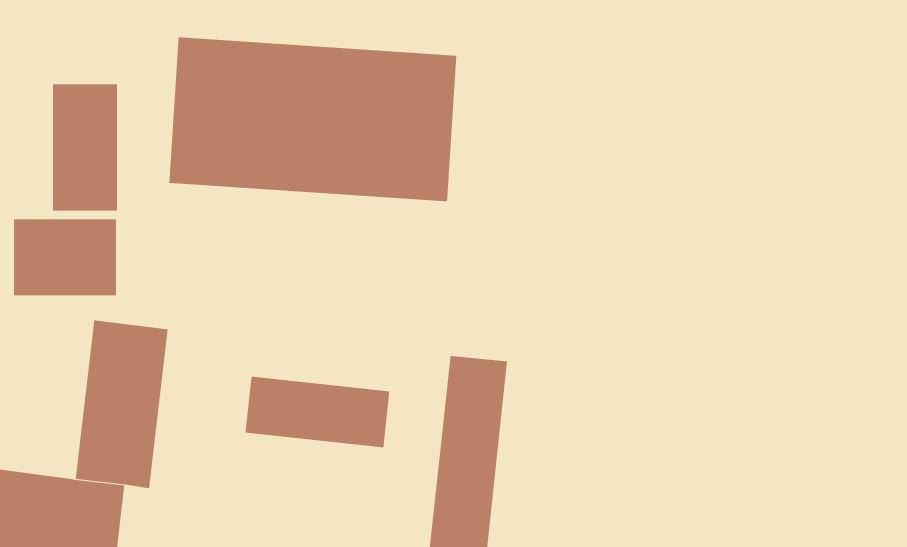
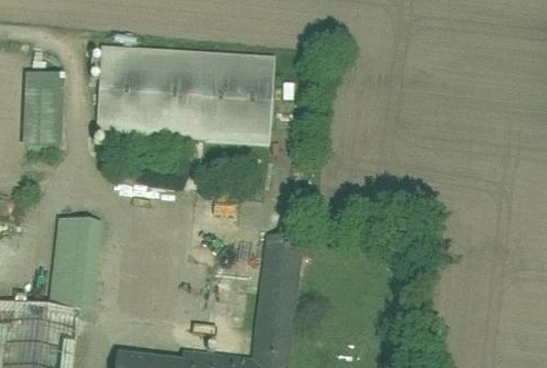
building: [14,218,117,296] -> none
building: [245,376,390,448] -> none

